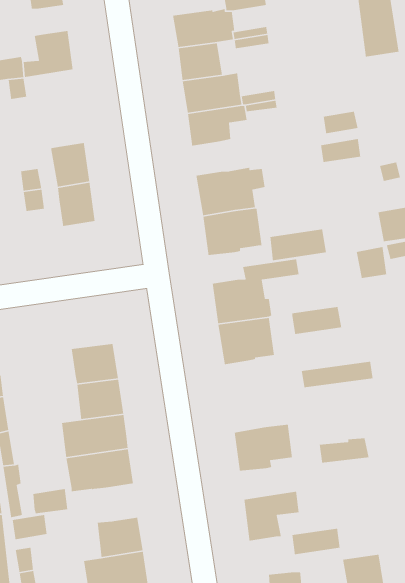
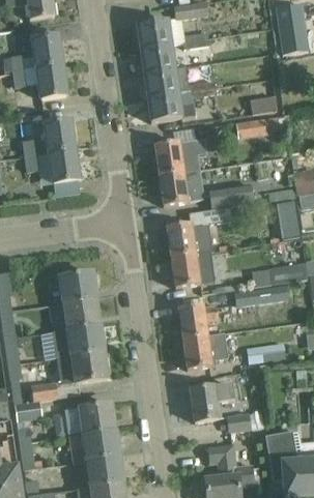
building: none -> [37,63,66,97]
building: [292,306,342,335] -> [269,261,308,283]
building: none -> [178,303,219,338]

